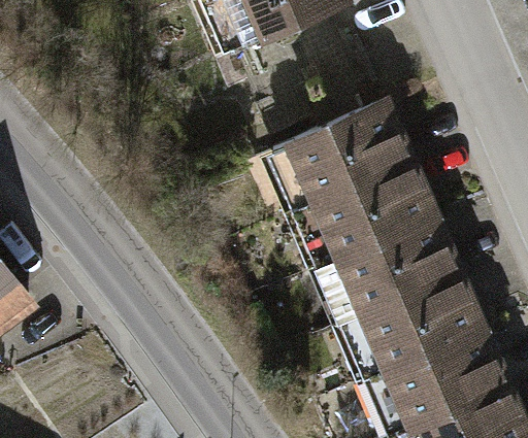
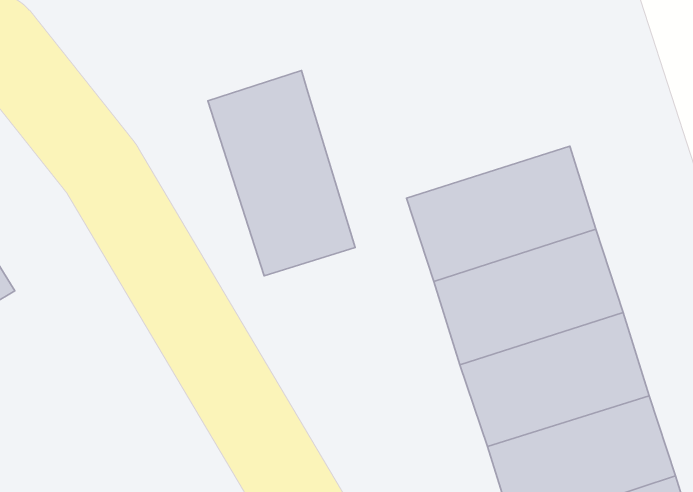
building: [278,98,415,203] -> none
building: none -> [208,71,355,276]

